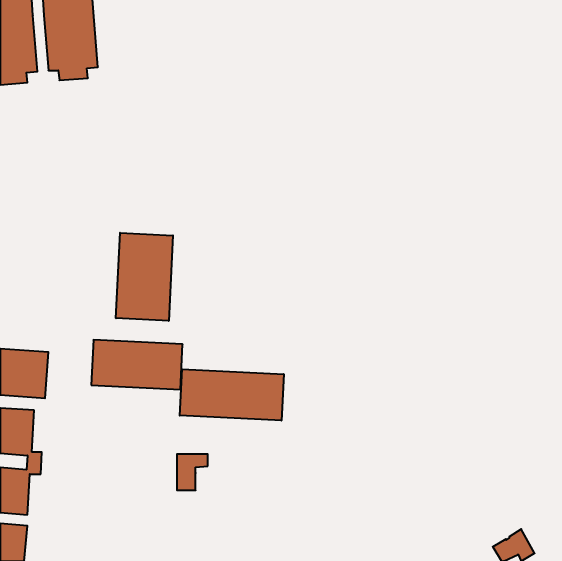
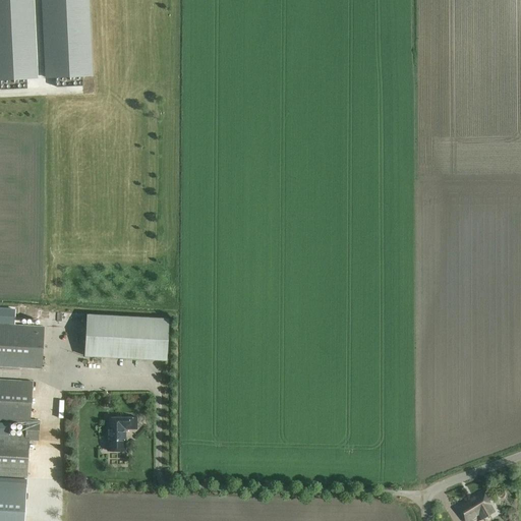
building: [116,233,173,321] -> none
building: [180,369,284,421] -> none
building: [177,454,208,490] -> [107,415,135,449]

